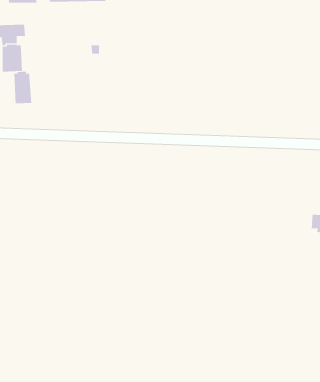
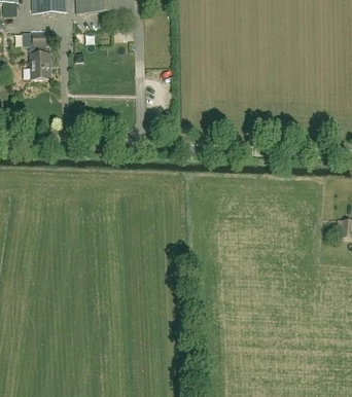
building: [14,71,32,104] -> none

